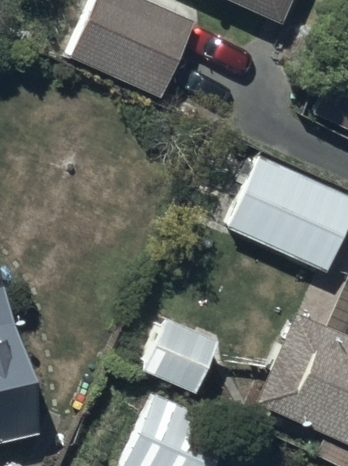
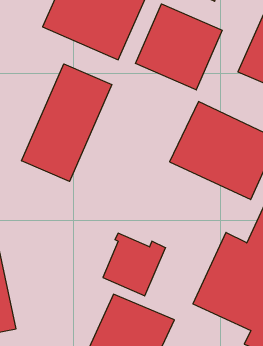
building: none -> [136,4,222,90]
building: none -> [22,64,112,181]

